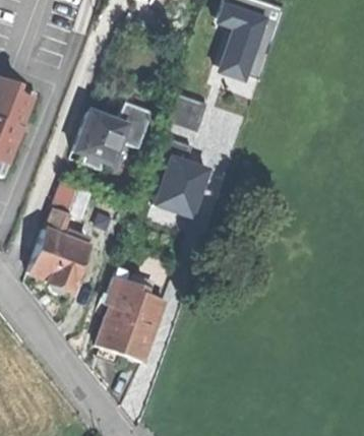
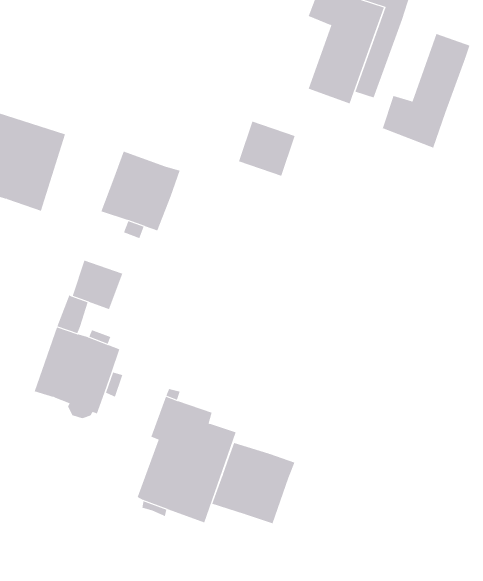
building: none -> [382,33,470,149]
building: [117,104,150,148] -> none
building: [149,152,207,217] -> none
building: none -> [211,442,295,524]

